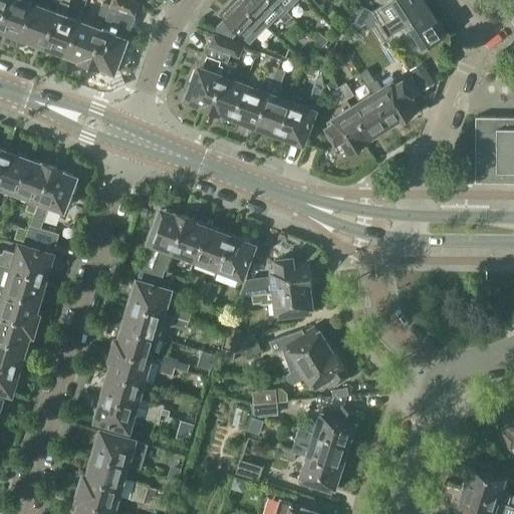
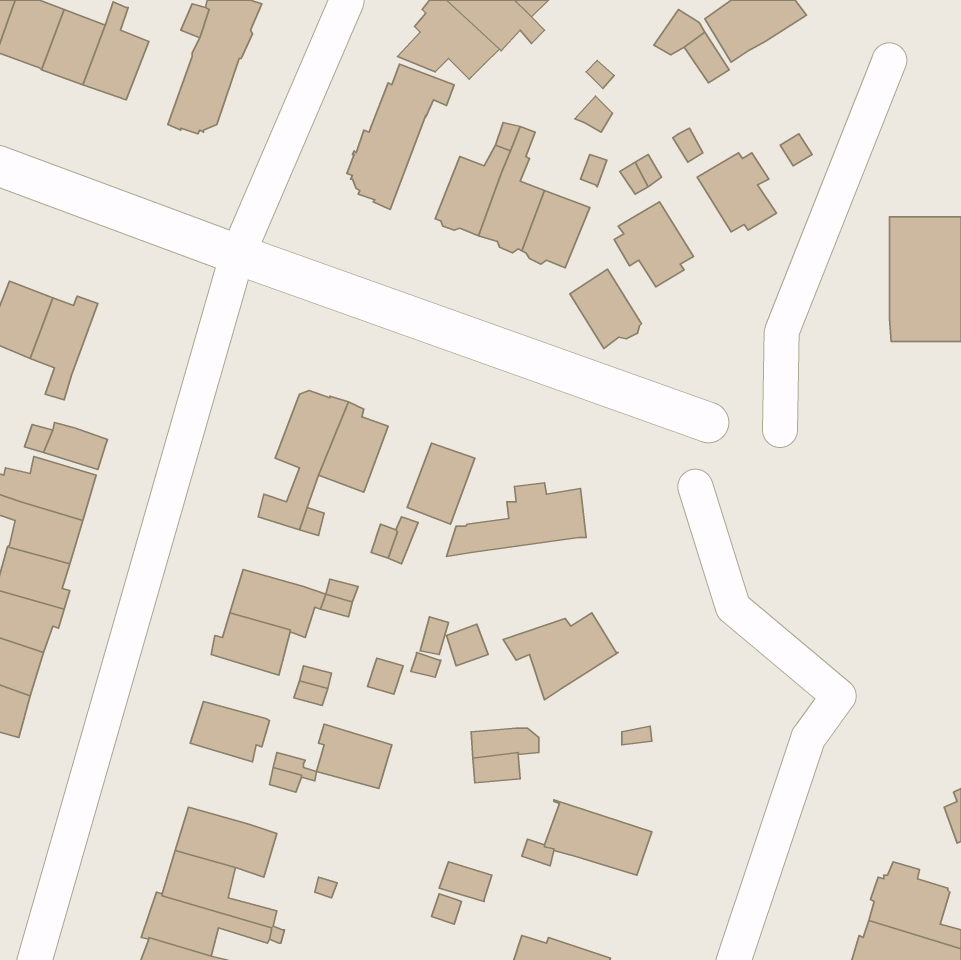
building: [390,10,445,48] -> none
building: [67,24,102,68] -> none
building: [208,63,245,119] -> none
building: [351,96,390,139] -> [570,269,641,348]
building: [29,164,73,230] -> none
building: [194,229,230,272] -> none
building: [130,281,169,314] -> none
building: [251,288,311,317] -> none
building: [286,345,346,390] -> none
building: [108,350,149,384] -> [317,724,392,788]
building: [94,398,135,432] -> none
building: [292,409,354,445] -> none
building: [298,458,339,492] -> none

